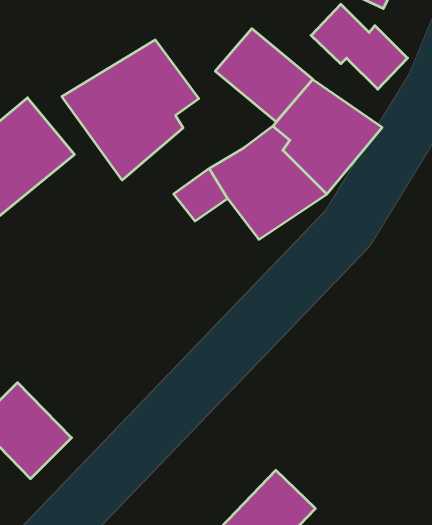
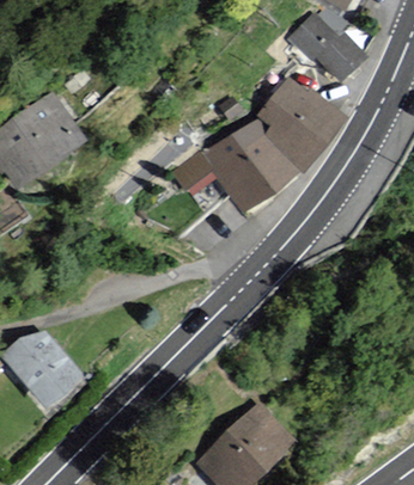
building: [215,29,313,122] -> none
building: [62,40,199,180] -> none

